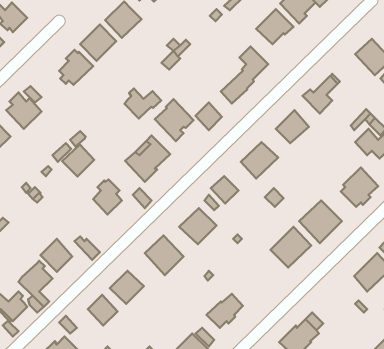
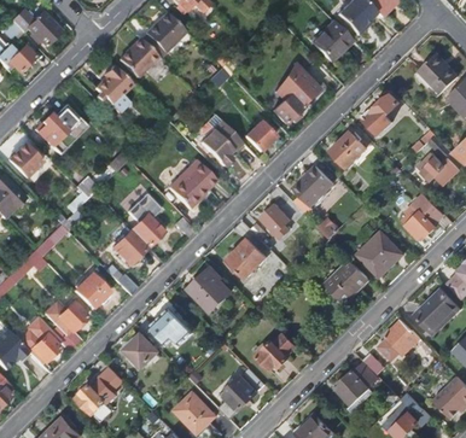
building: [125,88,161,119] -> none
building: [62,145,94,176] -> [112,229,147,264]
building: none -> [385,320,418,354]

